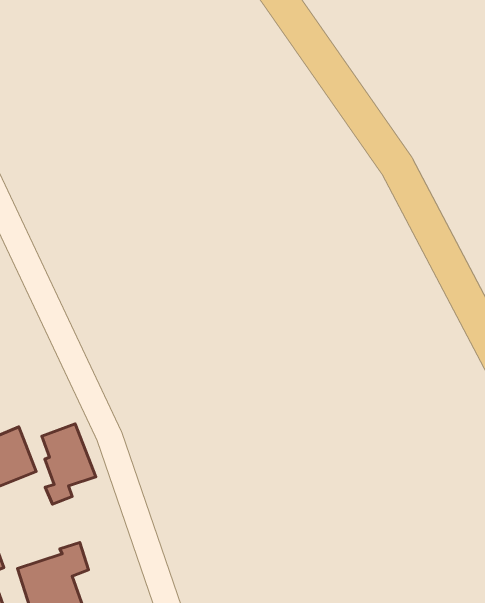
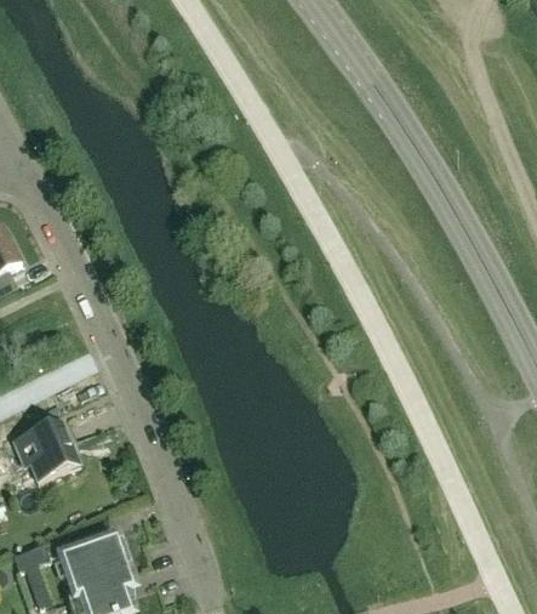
building: [42,424,96,504] -> none

